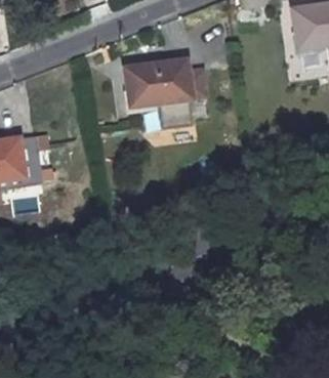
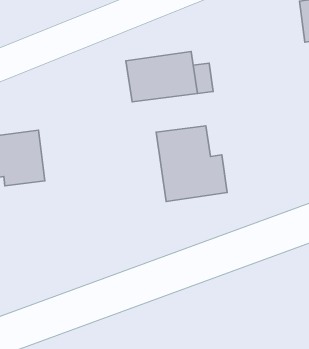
building: none -> [156,126,227,202]

